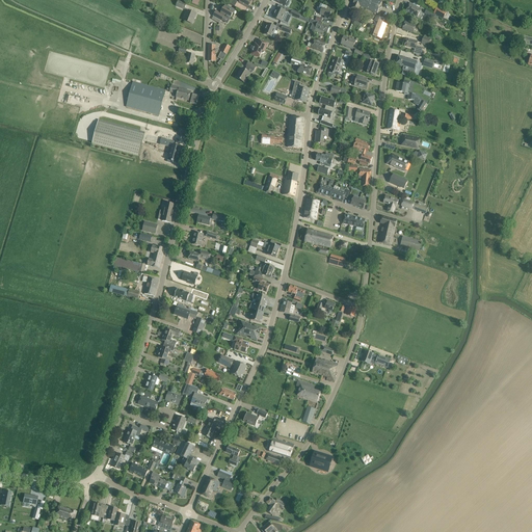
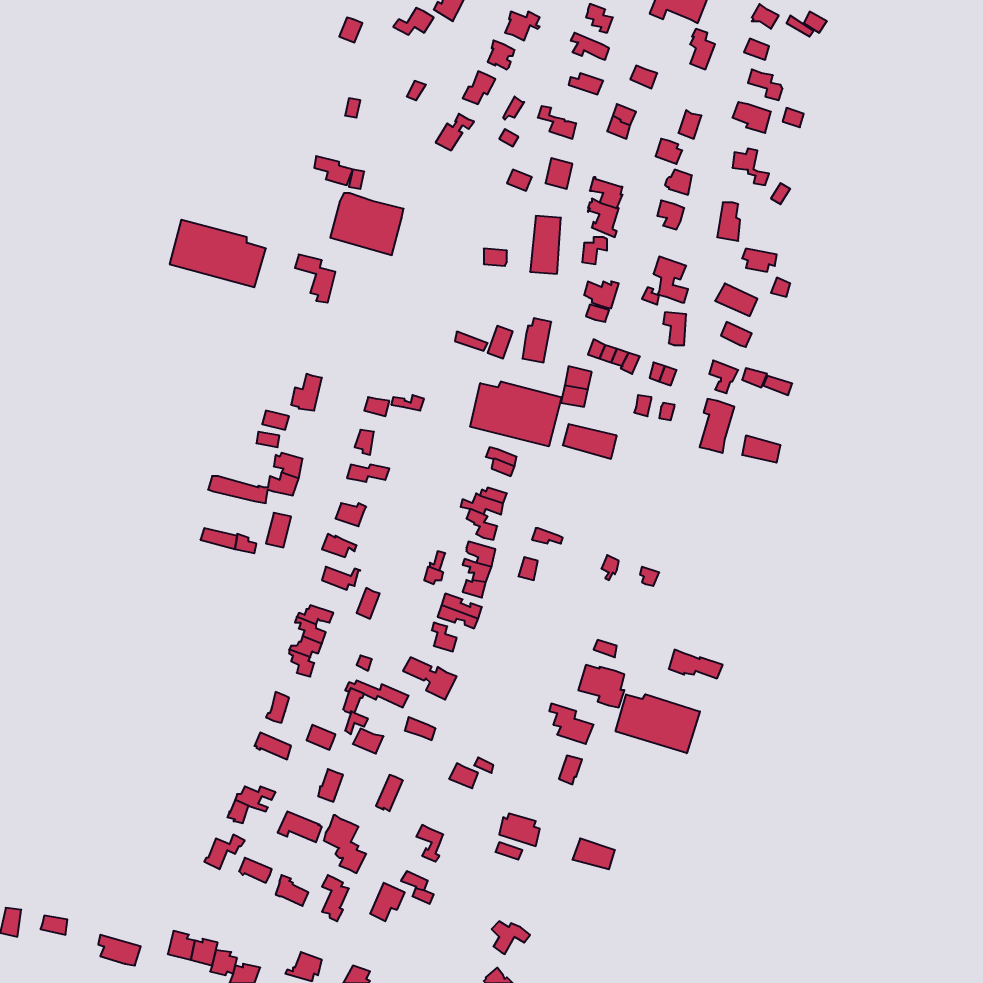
building: [125,81,164,114] -> [330,193,404,255]
building: none -> [470,381,561,446]
building: none -> [616,694,700,753]

